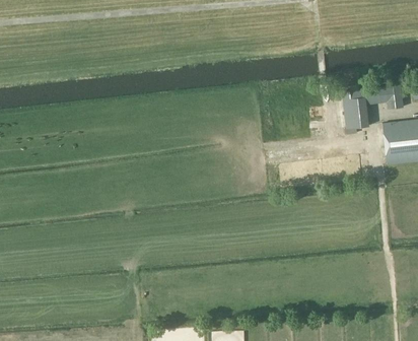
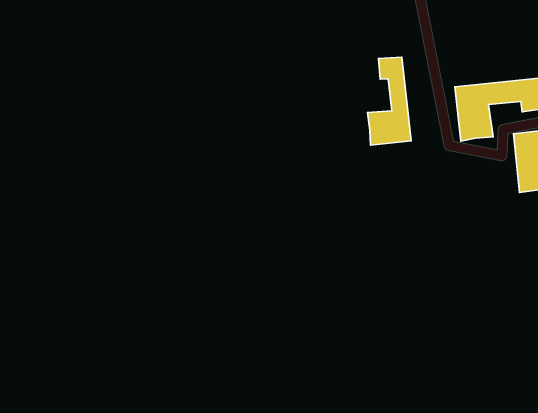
building: none -> [368,57,411,145]

